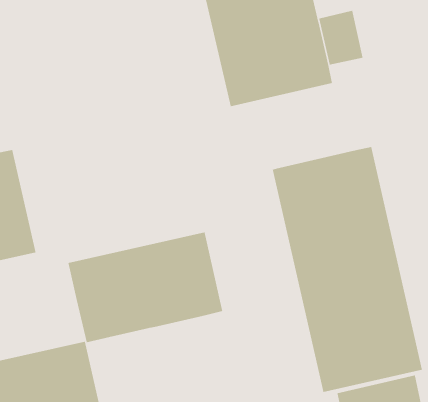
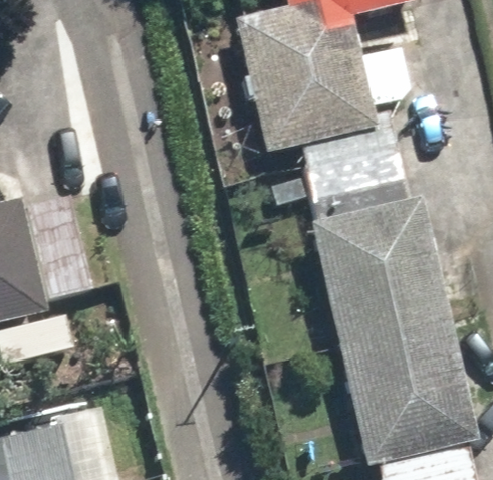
building: none -> [269,132,403,220]
building: [68,231,223,343] -> none

